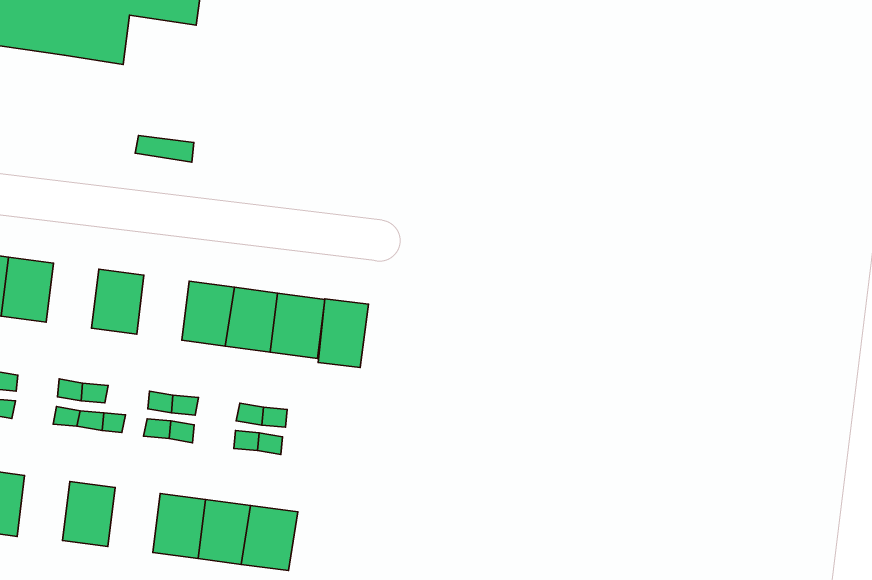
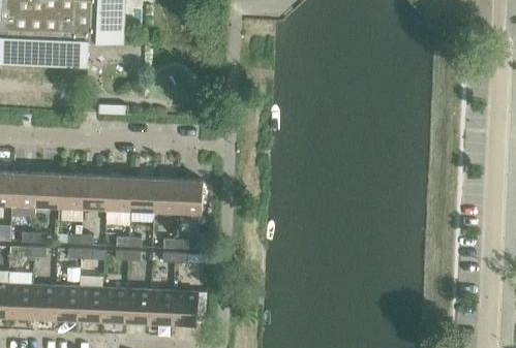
building: none -> [58,176,83,208]
building: none -> [105,178,130,210]
building: [318,299,369,368] -> none
building: none -> [53,287,78,319]
building: none -> [100,289,125,321]

